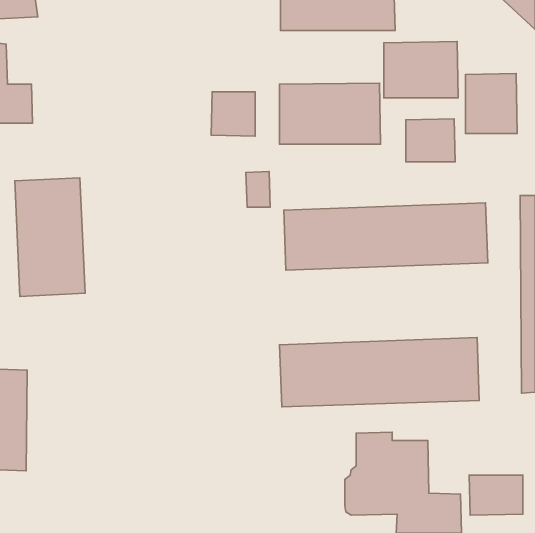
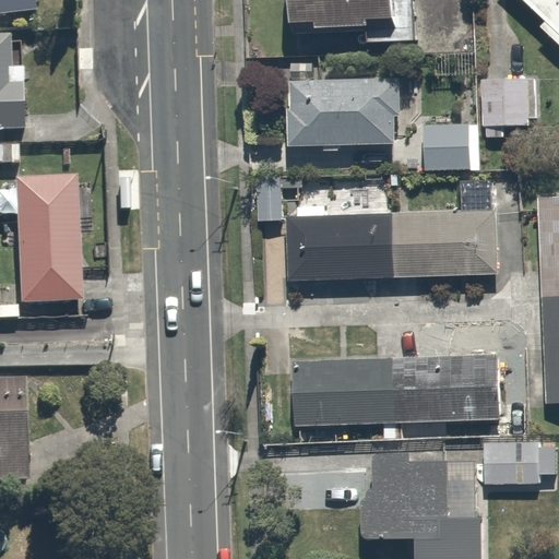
building: [384,42,458,98] -> none
building: [211,92,255,136] -> none
building: [469,475,523,515] -> [481,439,537,480]

